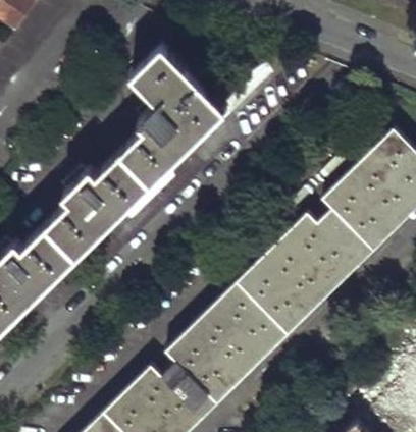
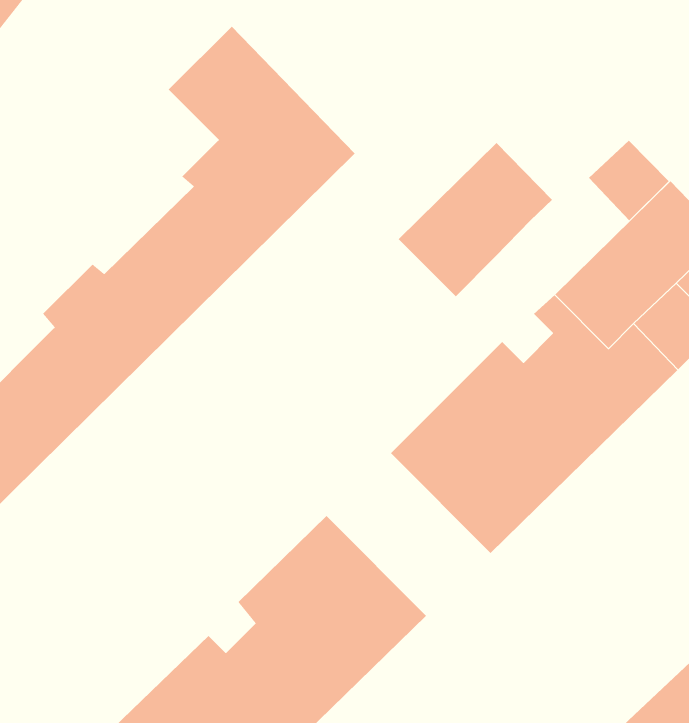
building: none -> [588,140,670,221]
building: none -> [398,142,553,297]
building: [212,271,299,357] -> none

